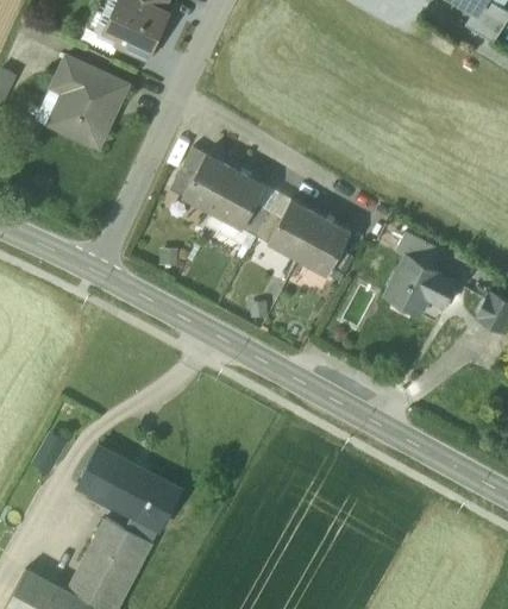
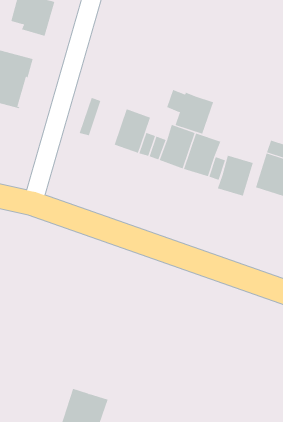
building: [182,152,236,213] -> none
building: none -> [167,89,214,135]
building: none -> [217,155,254,197]
building: [79,447,180,541] -> none

